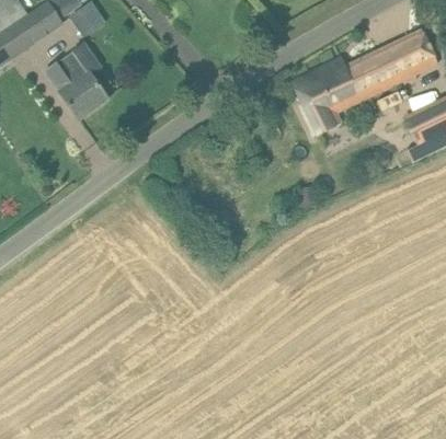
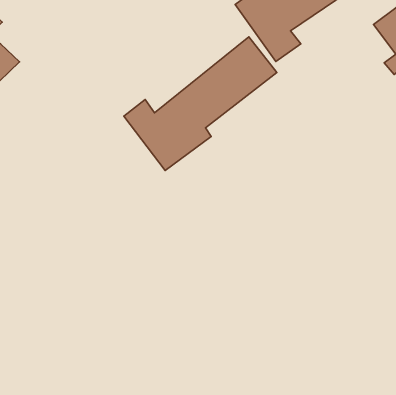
building: none -> [124,37,277,170]

